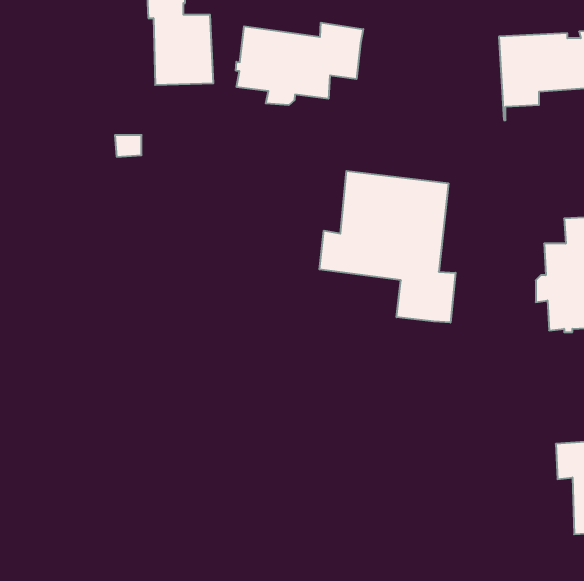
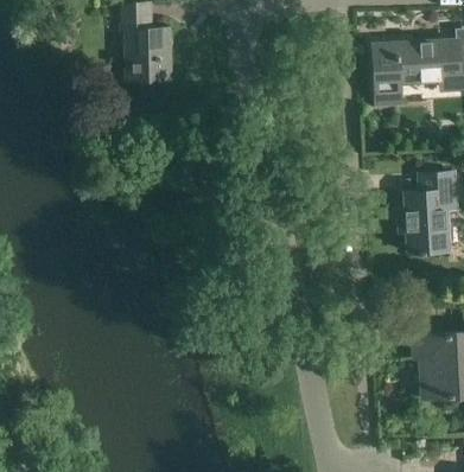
building: [236,23,363,105] -> none
building: [319,171,456,323] -> none

